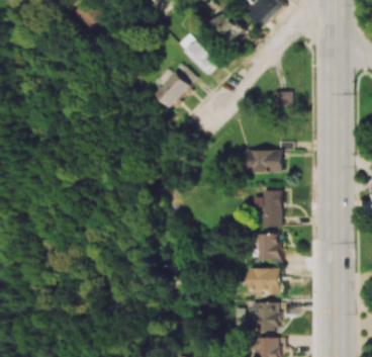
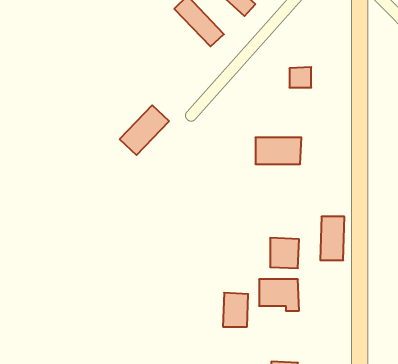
building: [156,65,197,106] -> [120,105,169,155]
building: [261,190,281,227] -> [320,217,344,260]
building: [257,301,278,330] -> [223,293,248,327]

